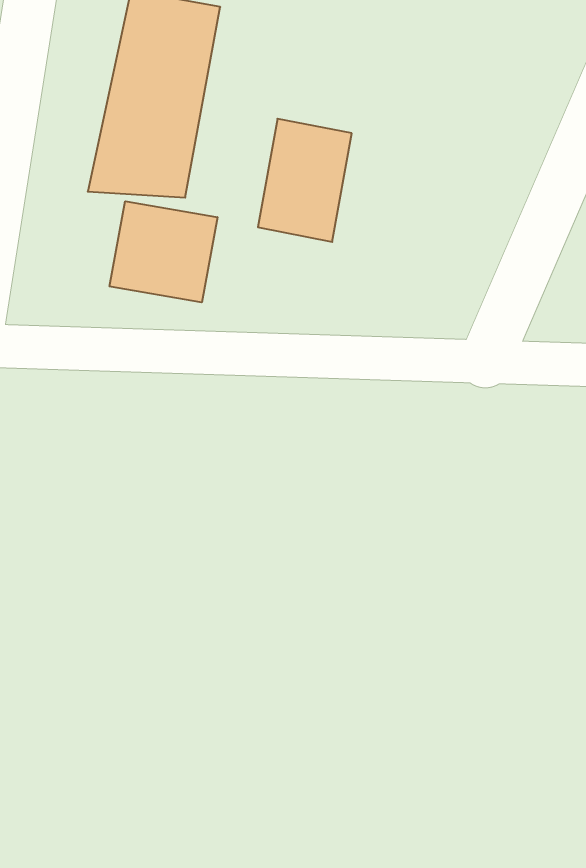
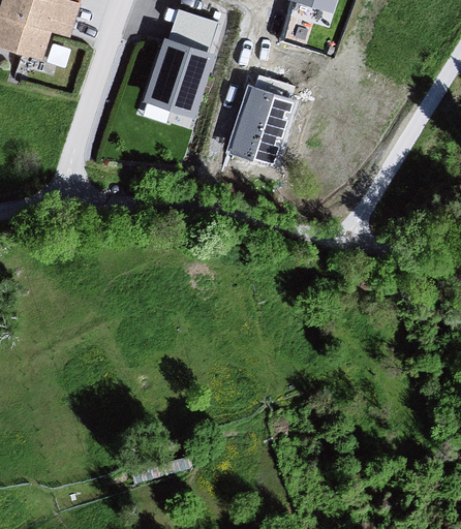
building: [110,201,217,302] -> none

